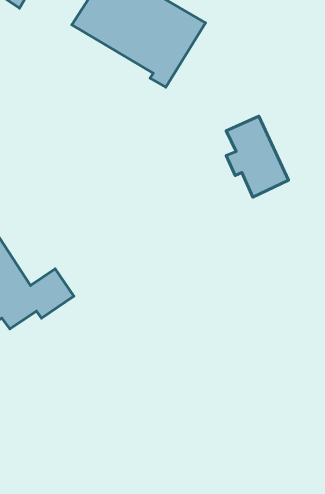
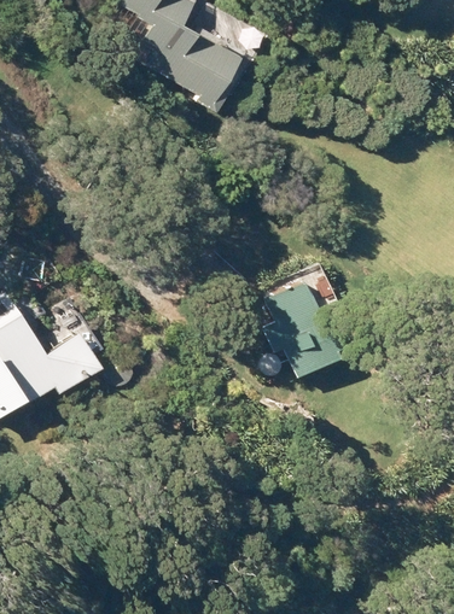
building: [226,116,288,197] -> [264,279,340,378]

